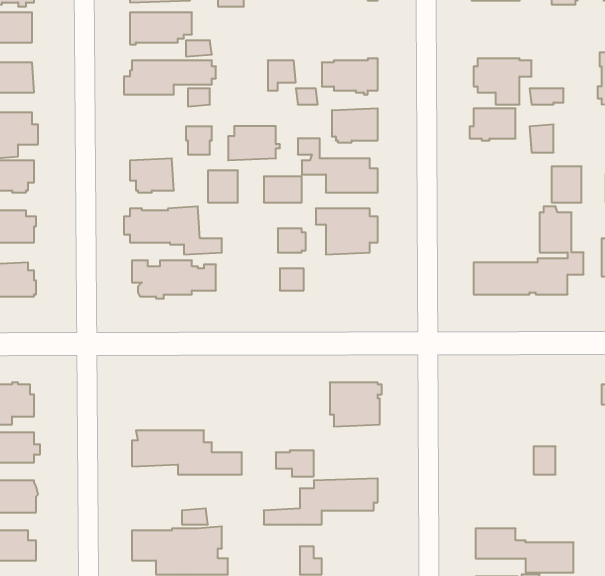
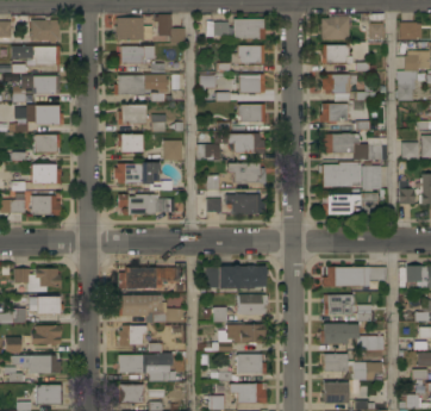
building: none -> [232,45,264,63]
building: none -> [323,45,354,64]
building: [228,126,280,160] -> [118,105,149,125]
building: none -> [323,133,360,154]
building: none -> [319,162,361,187]
building: none -> [226,194,268,216]
building: none -> [119,267,177,288]
building: none -> [206,267,233,288]
building: none -> [323,267,388,287]
building: none -> [238,294,267,315]
building: none -> [324,295,352,315]
building: none -> [320,324,385,350]
building: none -> [119,325,148,345]
building: none -> [237,354,266,374]

